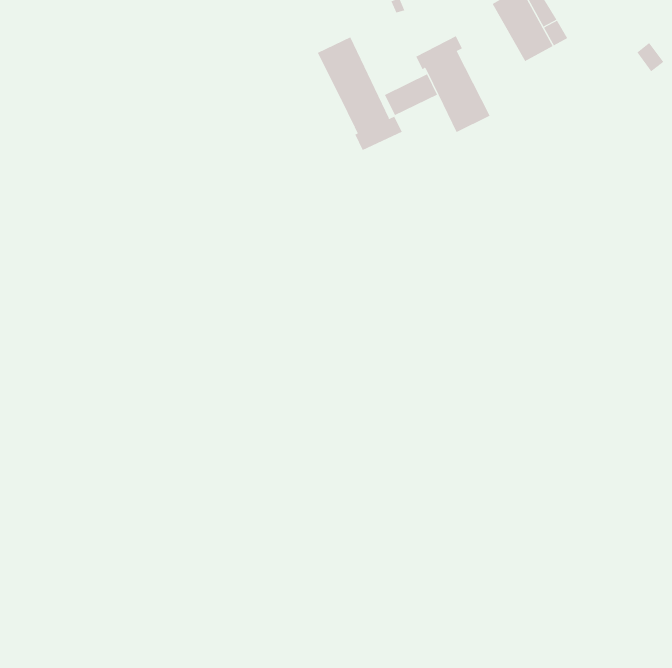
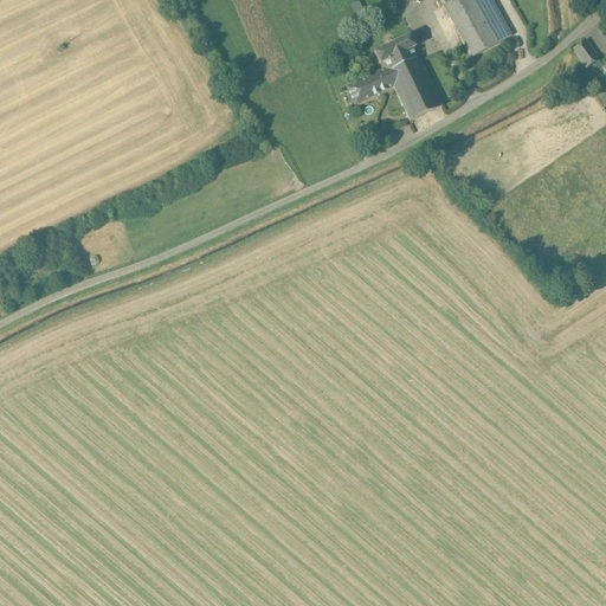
building: [317,36,403,151] -> none

